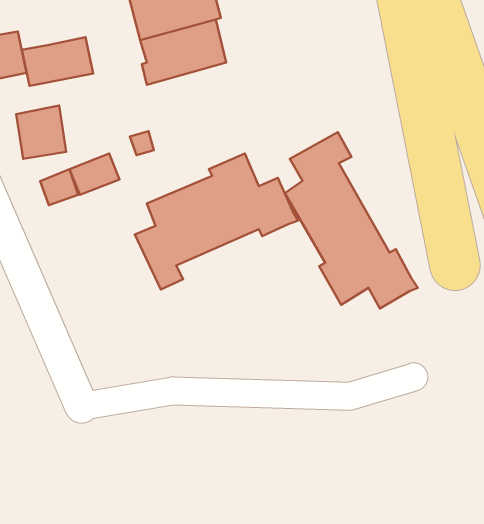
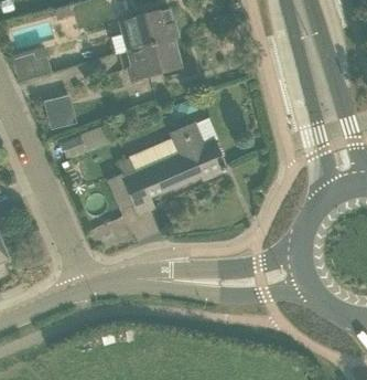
building: [22,37,93,86] -> none
building: [285,132,418,309] -> none

